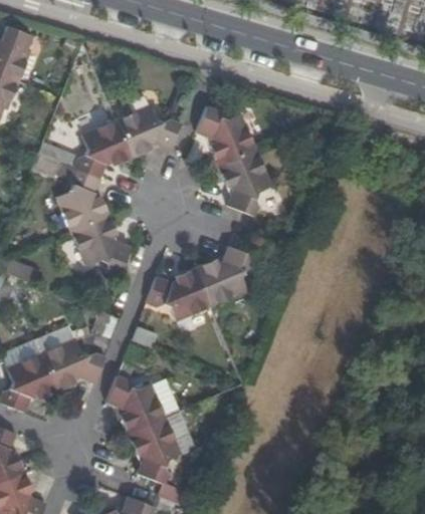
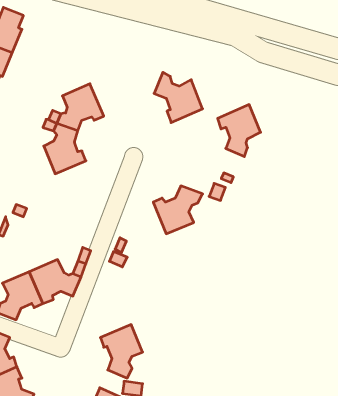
building: [116,104,180,160] -> none
building: [216,151,269,215] -> [218,105,261,157]
building: [72,215,132,273] -> none
building: [147,266,210,319] -> none
building: [107,375,167,434] -> none

